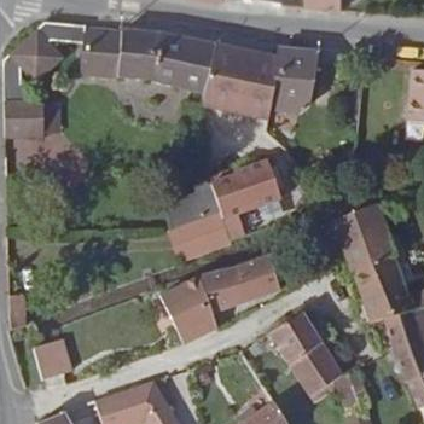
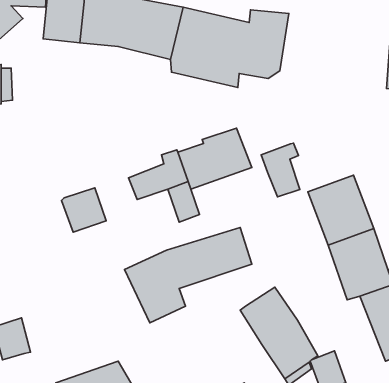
building: none -> [261,143,300,197]
building: [169,217,211,260] -> [62,188,106,232]

